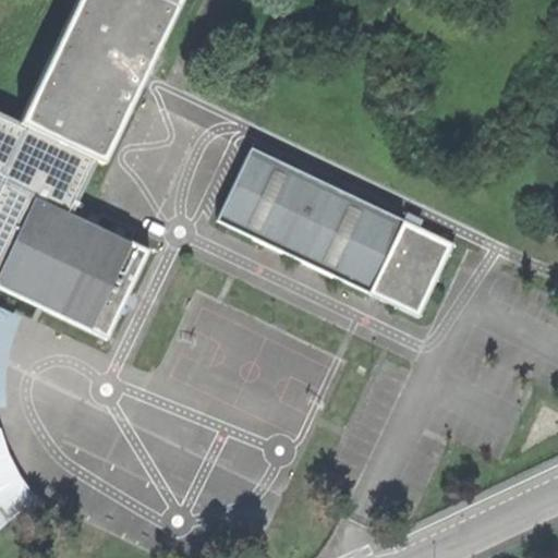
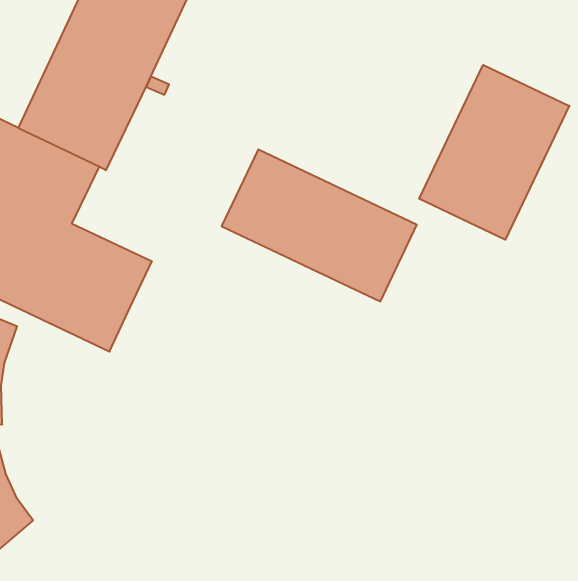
building: none -> [419,65,569,240]
building: [363,215,448,312] -> none

